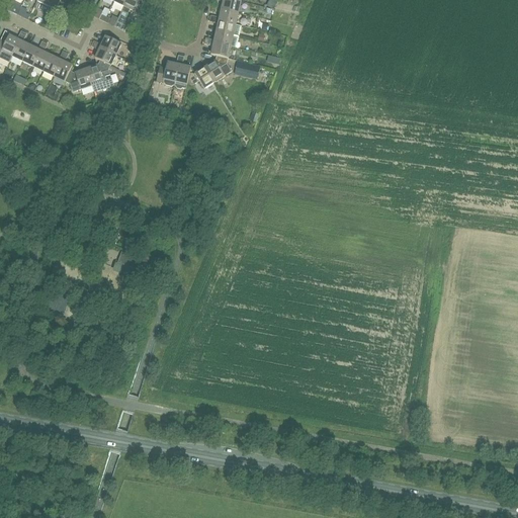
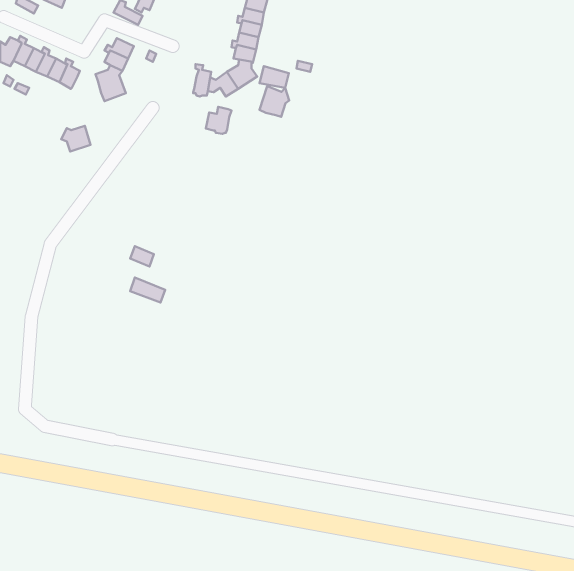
building: [156,60,179,84] -> [206,107,232,134]
building: [65,67,91,90] -> [61,126,90,152]
building: none -> [259,86,289,117]

